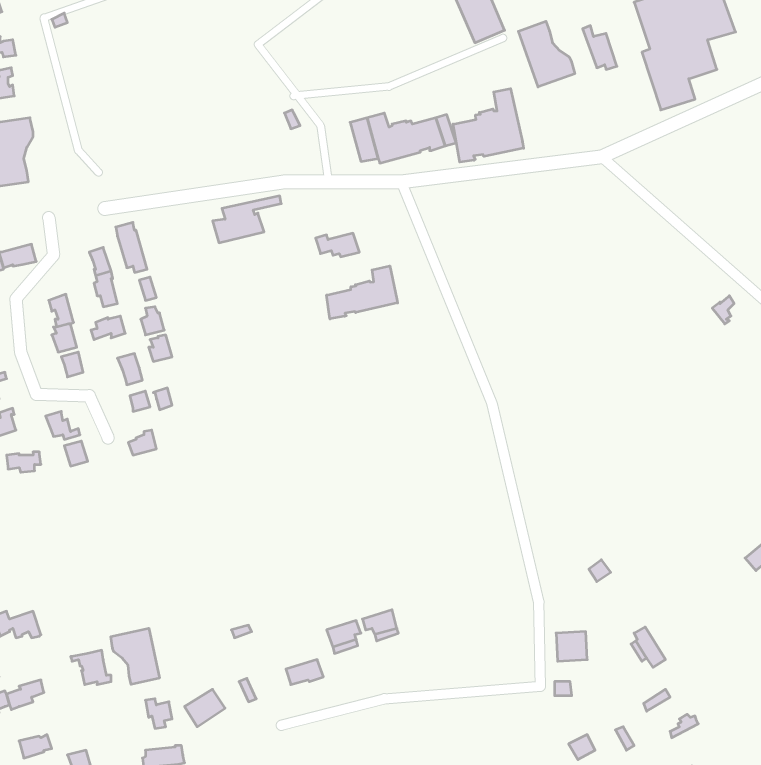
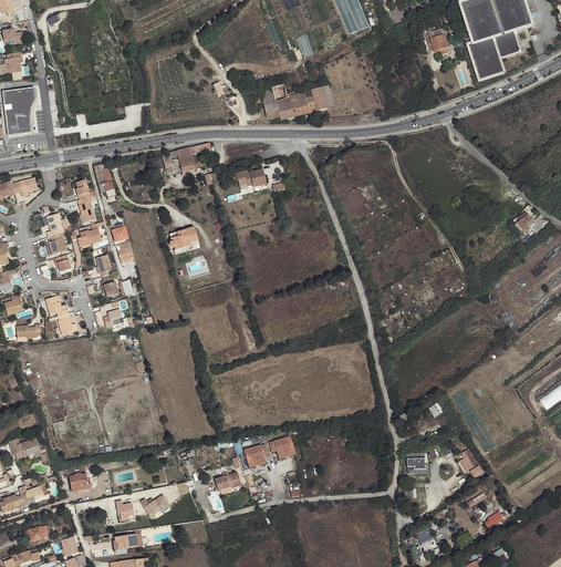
building: [518,21,575,87] -> none
building: [453,89,524,162] -> none
building: [327,266,398,319] -> none
building: none -> [168,227,197,254]
building: [111,628,159,684] -> none

